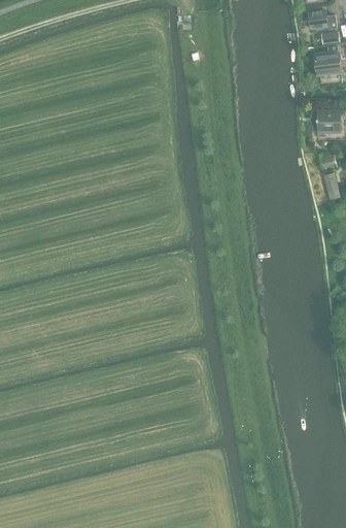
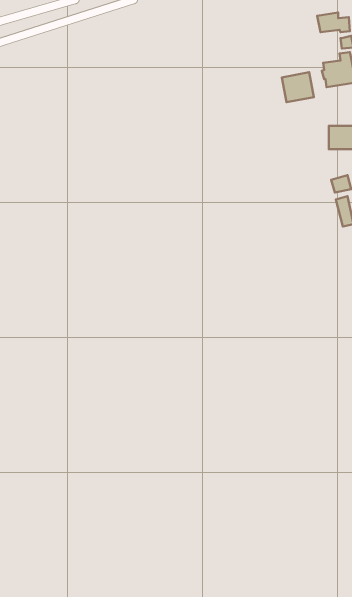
building: none -> [282,72,314,102]

